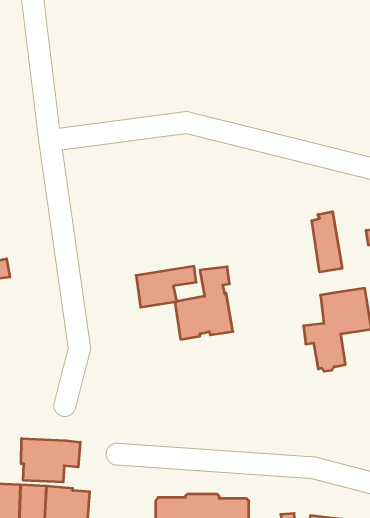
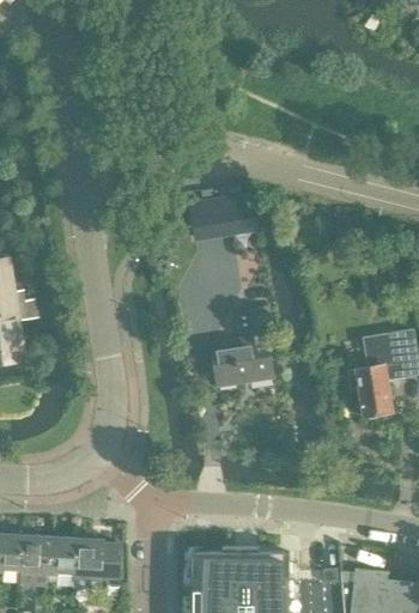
building: [312,212,342,272] -> none
building: [136,266,196,307] -> [189,194,253,237]
building: [21,438,80,482] -> none

